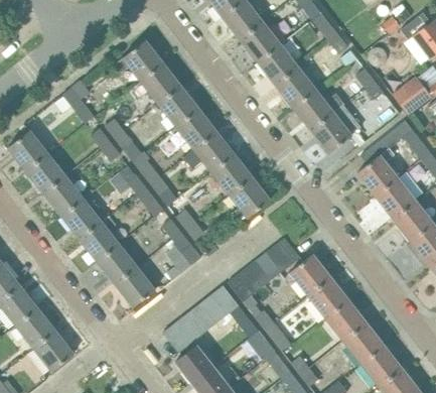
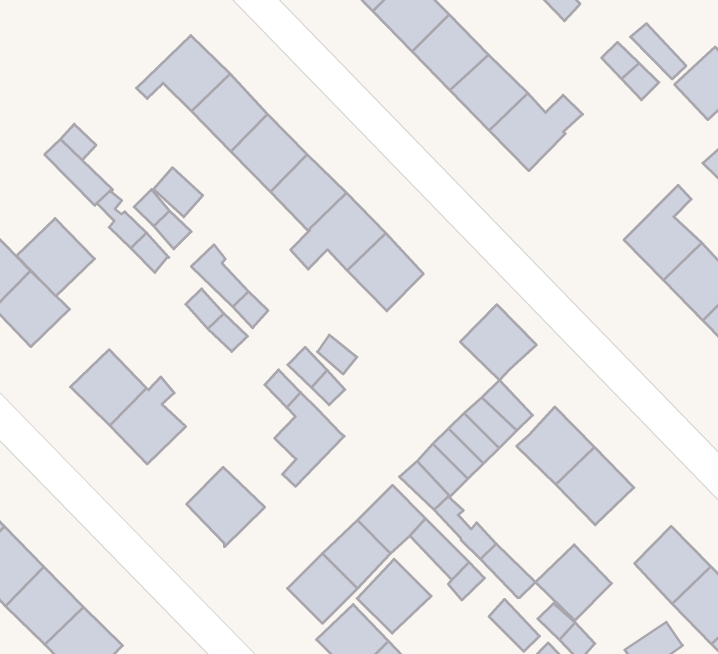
building: [311,113,350,152] -> none
building: [43,175,84,216] -> [17,218,95,296]
building: [230,177,269,217] -> [460,305,536,380]
building: [97,243,136,283] -> none
building: [325,300,365,340] -> [536,545,612,621]
building: none -> [357,559,431,633]

